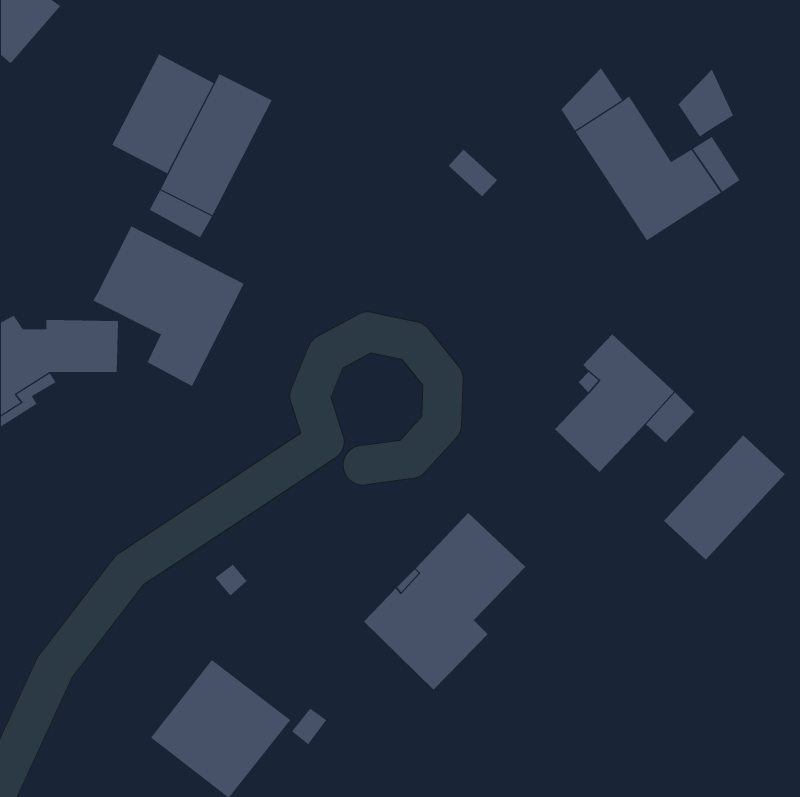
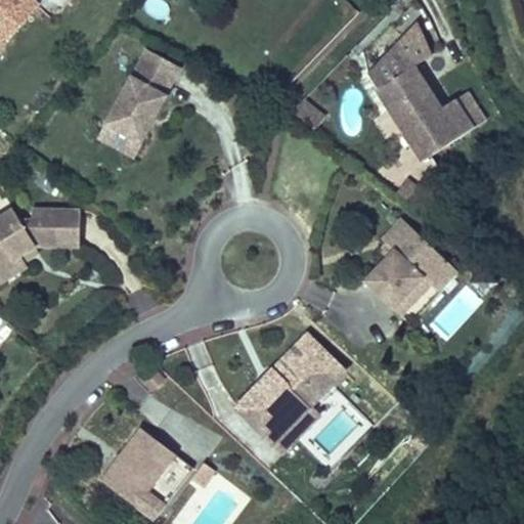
building: [112,53,214,174] -> none
building: [678,69,734,138] -> [393,20,430,66]
building: [92,225,244,387] -> none
building: [663,434,785,561] -> none

